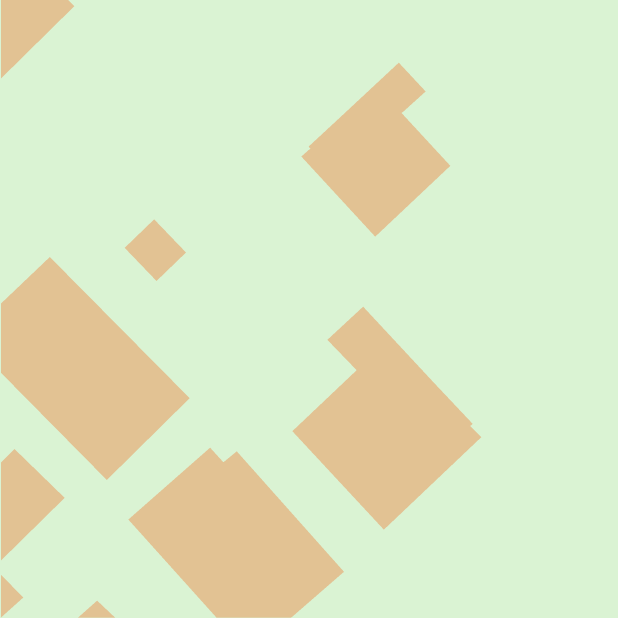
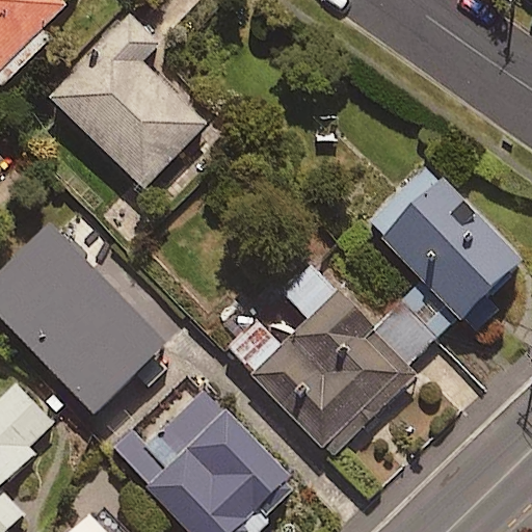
building: none -> [48,17,233,212]
building: [301,62,451,238] -> none
building: none -> [372,171,517,363]

